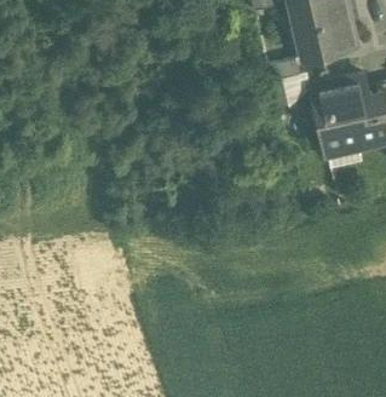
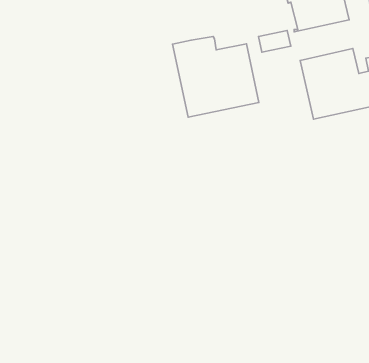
building: none -> [173,36,259,117]

